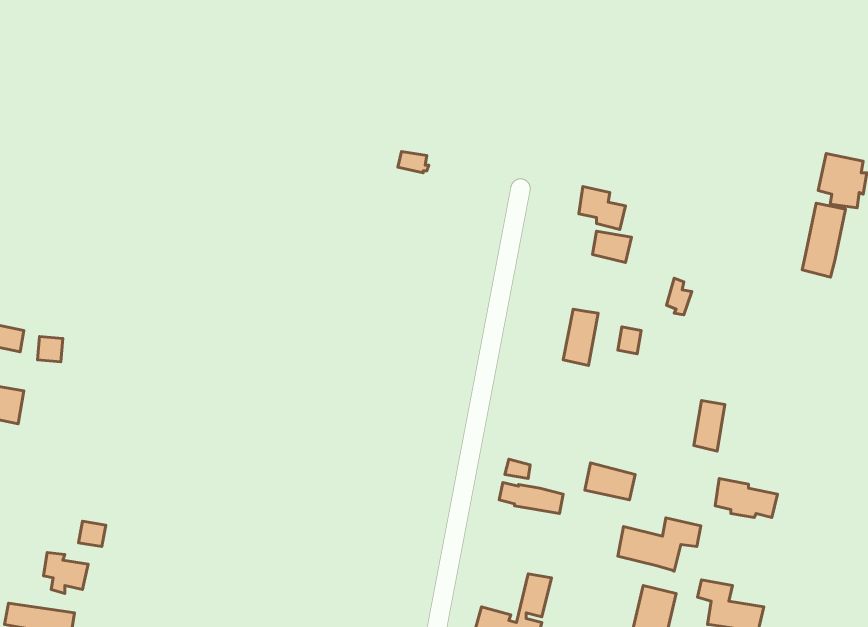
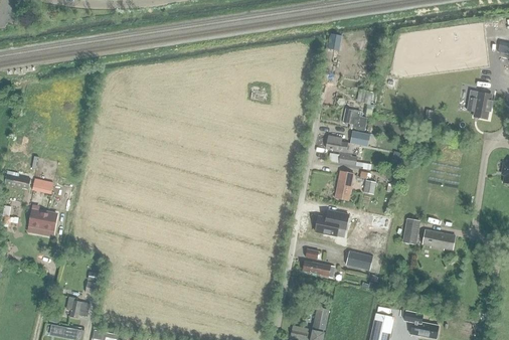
building: [802,203,845,277] -> none
building: none -> [325,135,356,165]
building: none -> [315,209,349,235]
building: [715,478,778,517] -> [422,229,455,249]
building: [618,518,701,571] -> none

